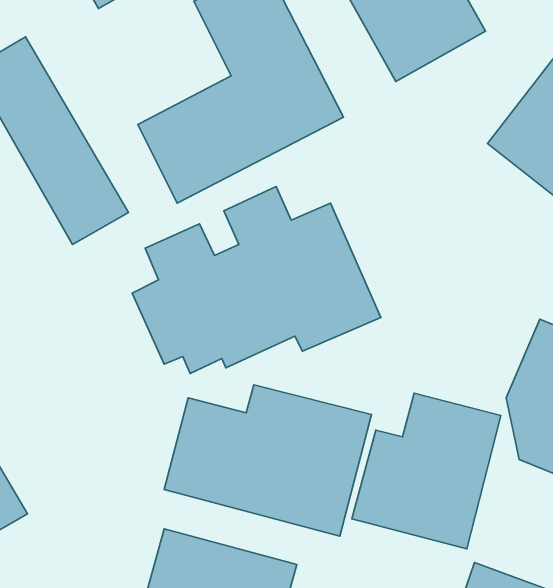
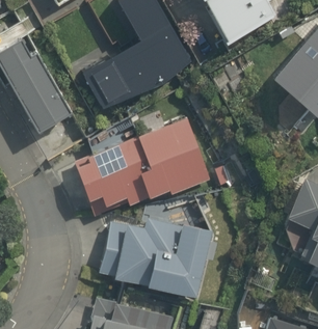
building: [352,393,501,549] -> none

